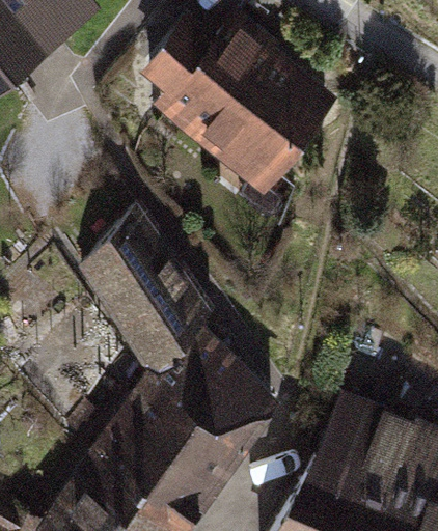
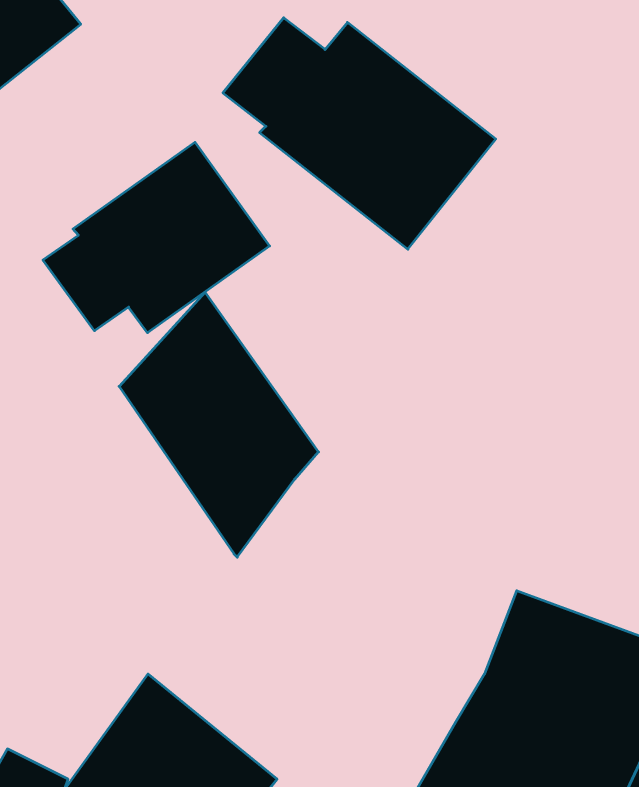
building: none -> [43,142,270,333]
building: [99,329,270,524] -> none

